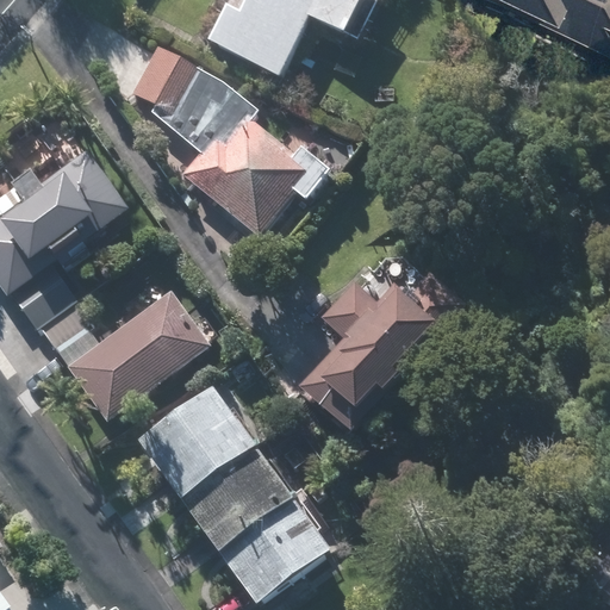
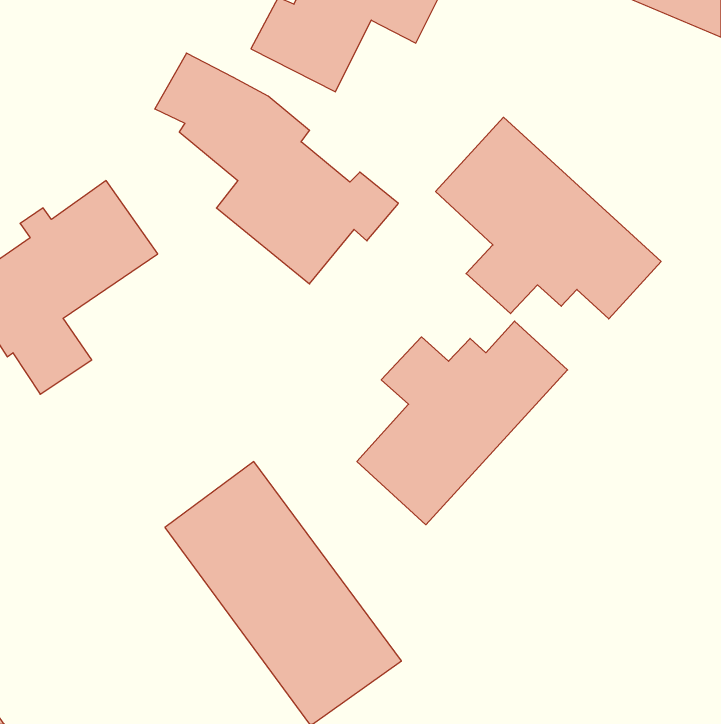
building: none -> [436,117,661,319]
building: [63,288,208,421] -> none

